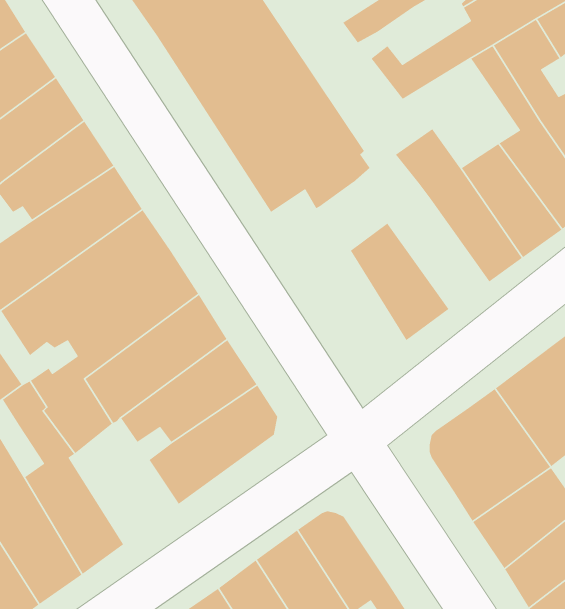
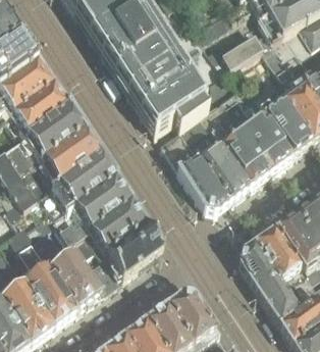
building: none -> [203,100,276,185]
building: none -> [164,130,231,210]
building: none -> [49,246,106,312]

